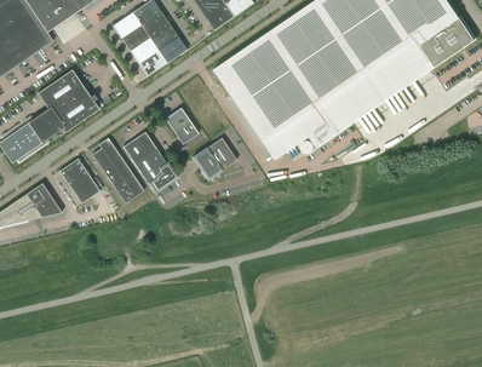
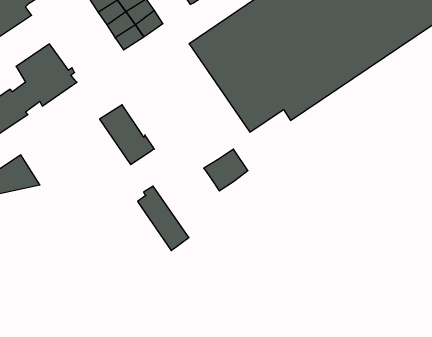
building: [165,107,199,143] -> none
building: [92,137,144,202] -> [138,186,189,251]
building: [191,137,236,179] -> [204,149,248,191]
building: [59,157,99,202] -> none

